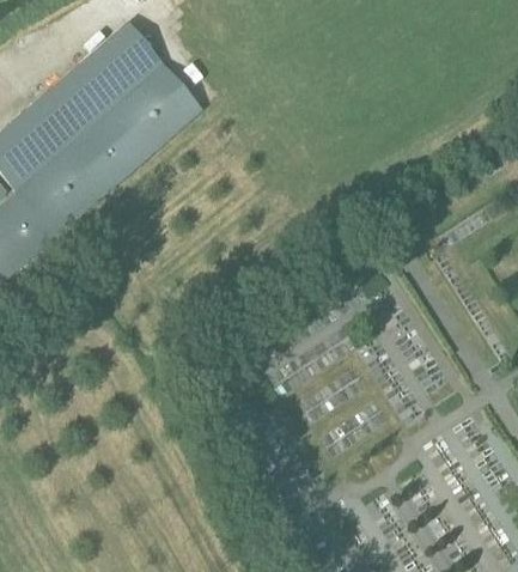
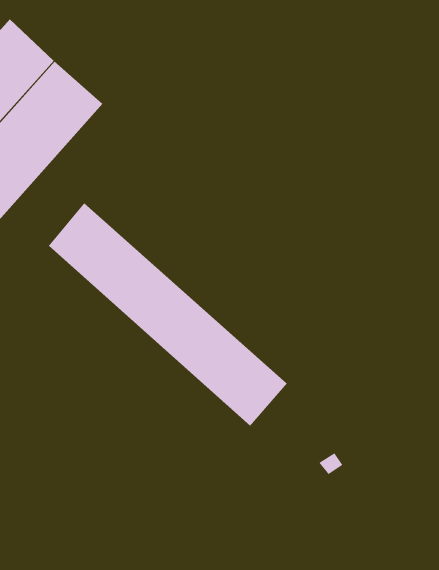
building: none -> [48,203,288,427]

